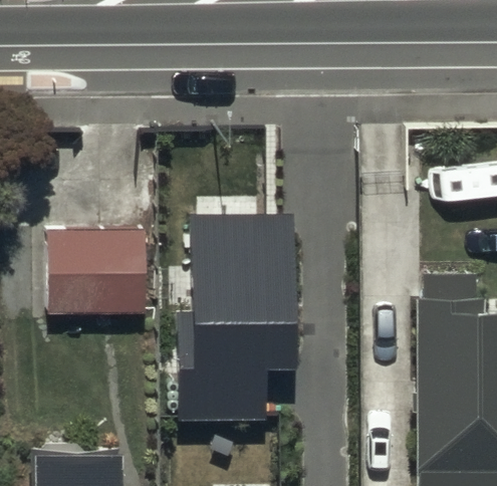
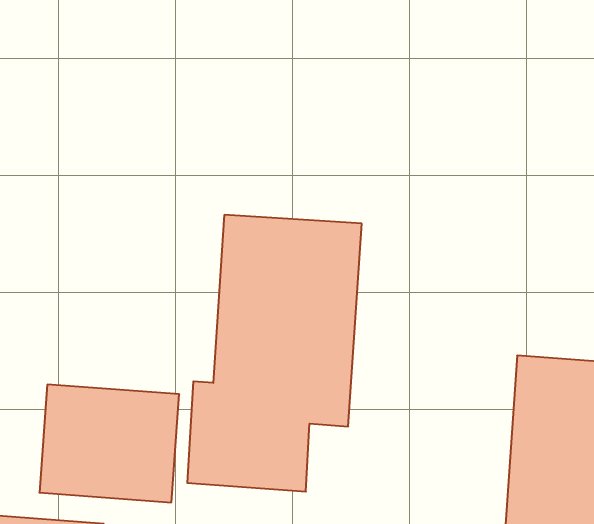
building: [49,240,149,321] -> [39,385,179,502]

